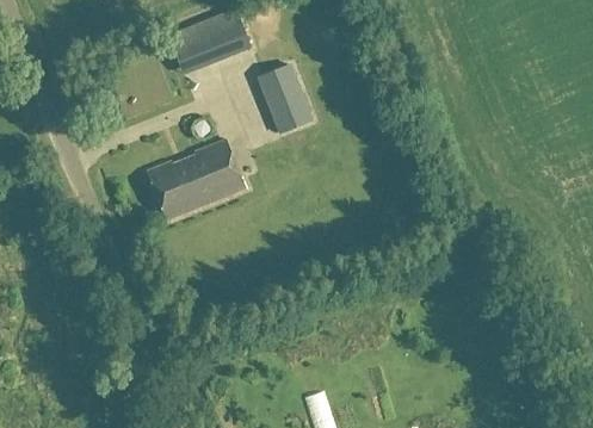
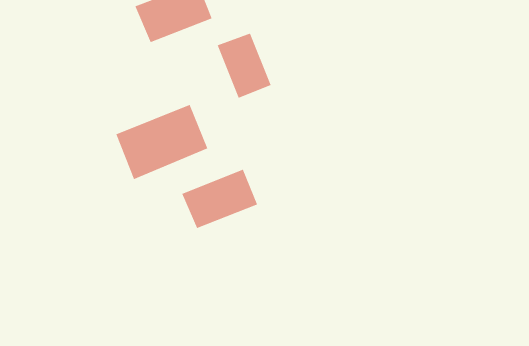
building: none -> [181,169,258,229]

